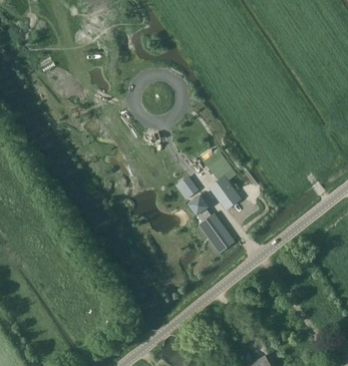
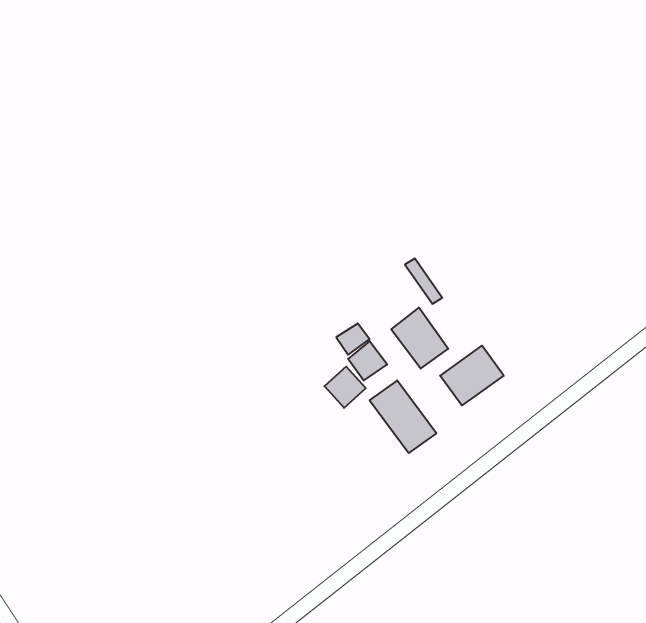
building: none -> [440,346,504,405]

